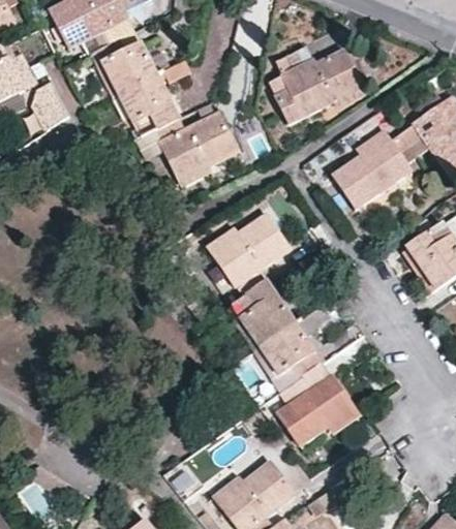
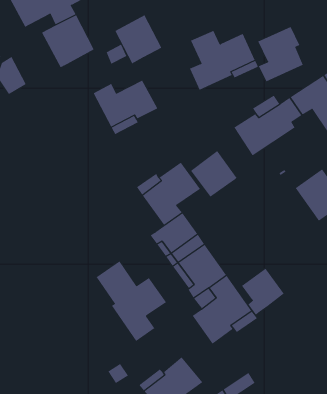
building: none -> [257,26,304,82]
building: [117,72,177,135] -> [115,14,162,64]
building: none -> [190,150,237,198]
building: none -> [96,260,167,342]
building: none -> [241,268,284,316]

